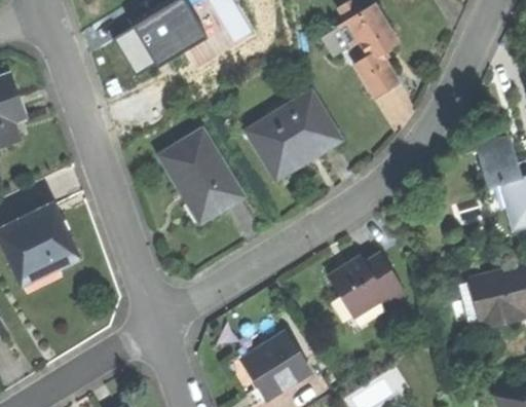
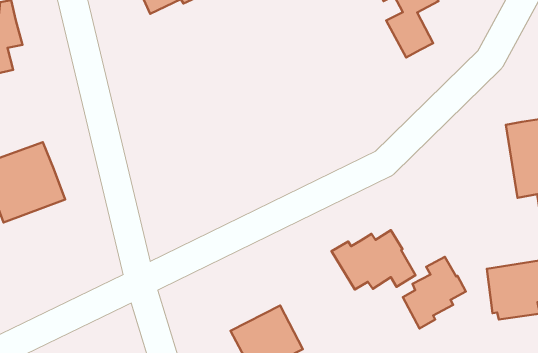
building: [246,88,342,171] -> none
building: [160,129,243,223] -> none
building: none -> [403,257,466,328]

